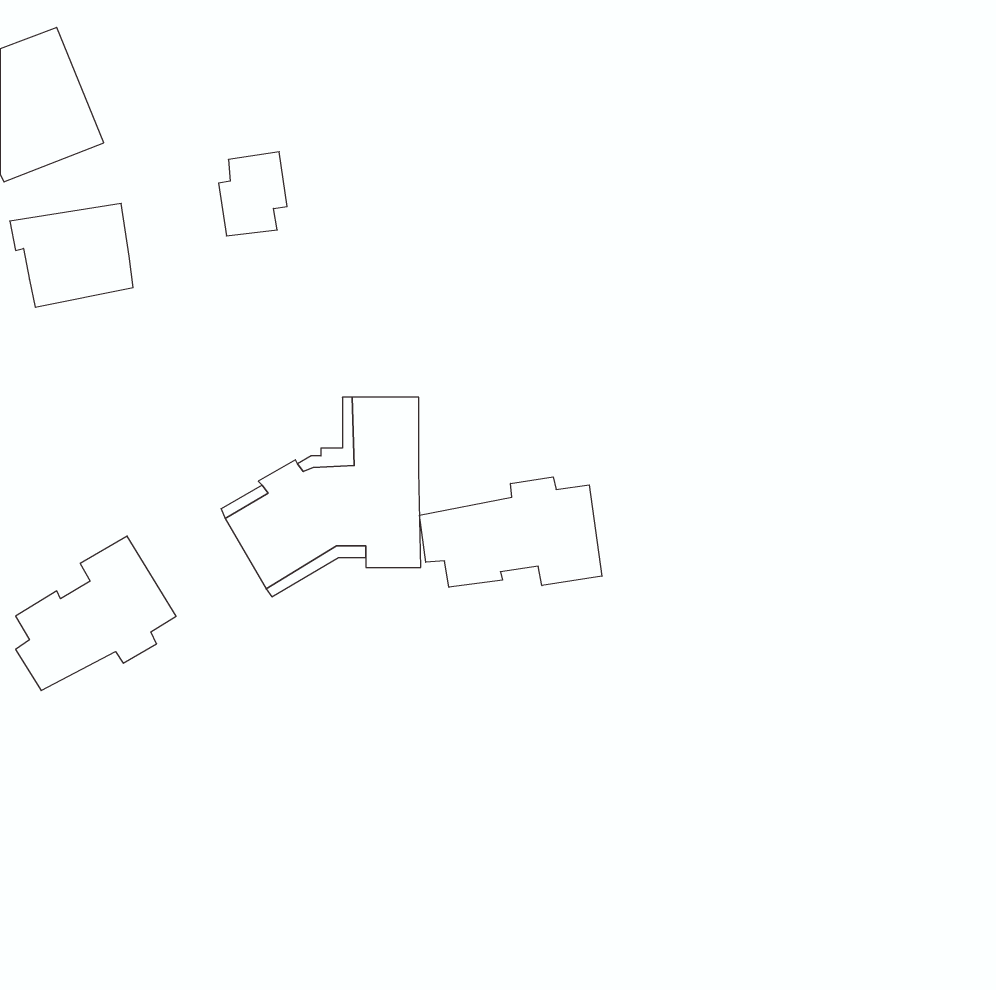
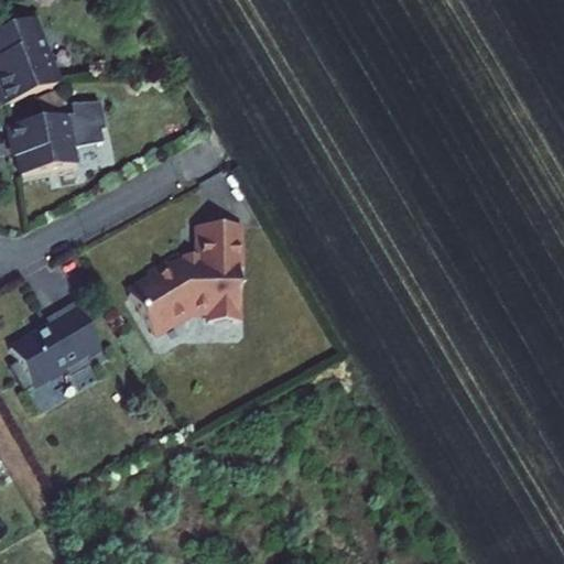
building: [219,152,287,236] -> [70,97,109,144]
building: [420,477,602,587] -> none

